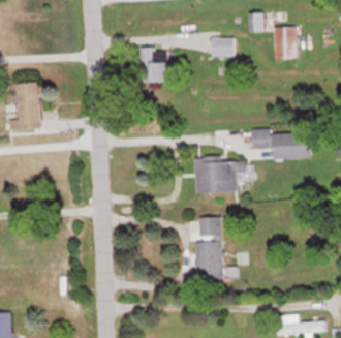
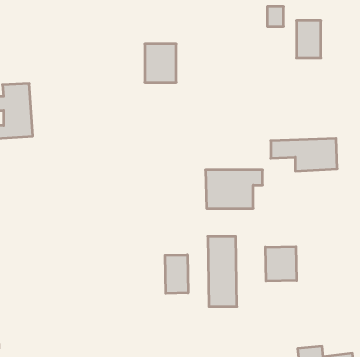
building: [211,38,234,58] -> none
building: none -> [265,247,297,281]
building: none -> [165,255,188,293]

